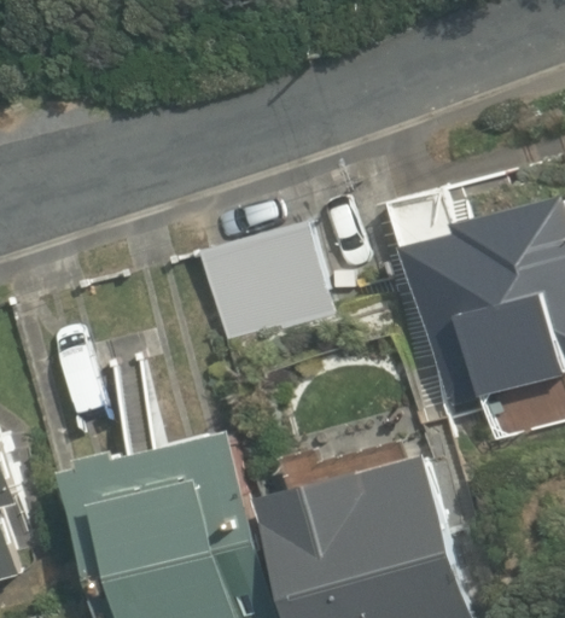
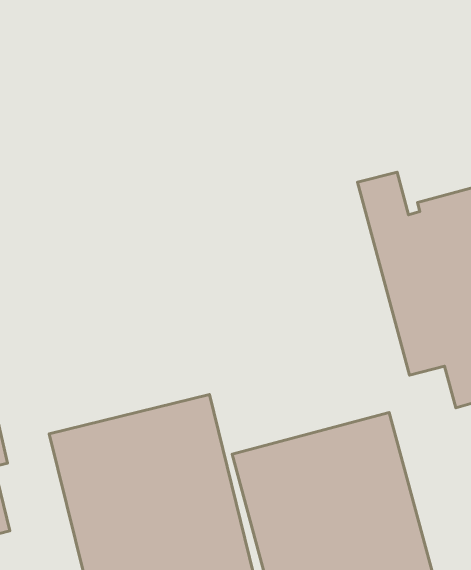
building: [197,221,331,346] -> none

